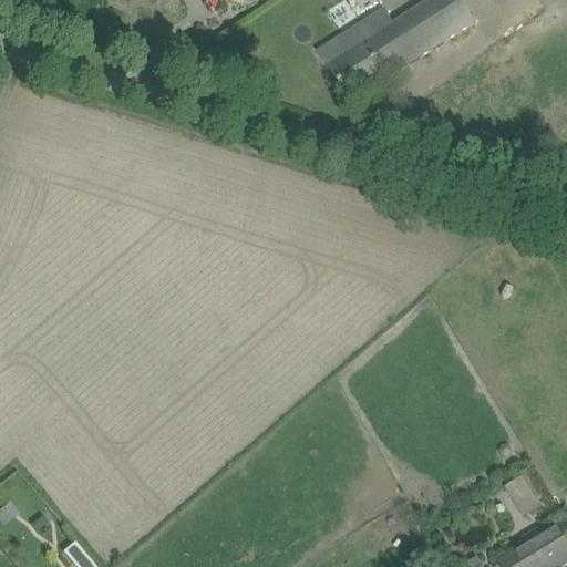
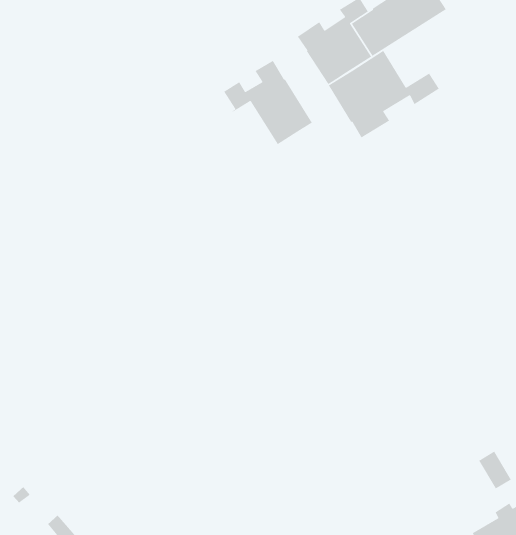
building: none -> [328,50,440,139]
building: none -> [223,60,313,145]

